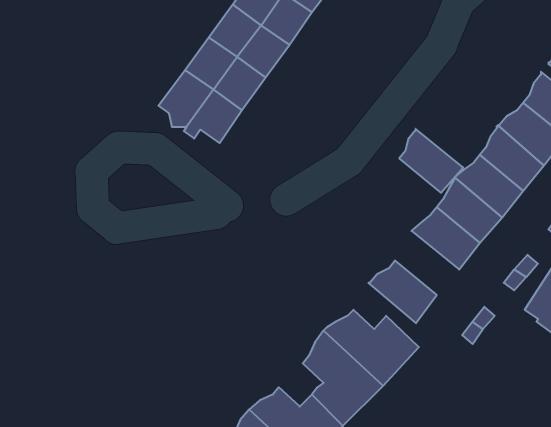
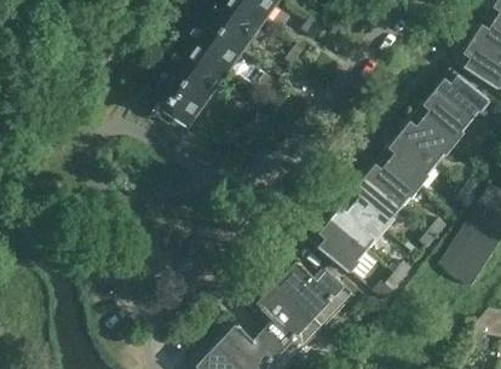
building: [399,129,463,193] -> [332,198,384,250]

